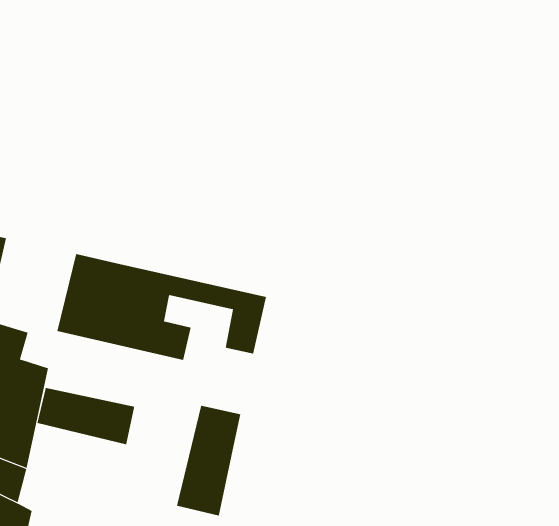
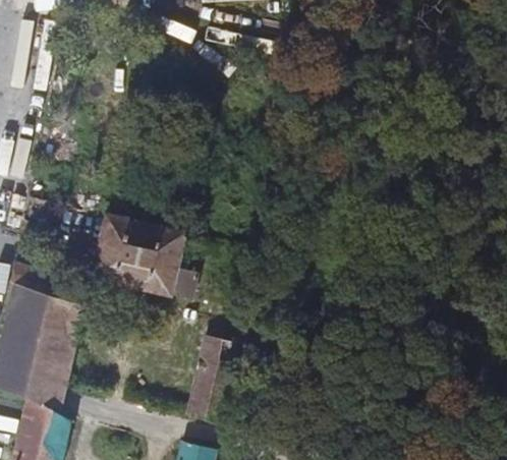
building: [37,387,135,445] -> none

